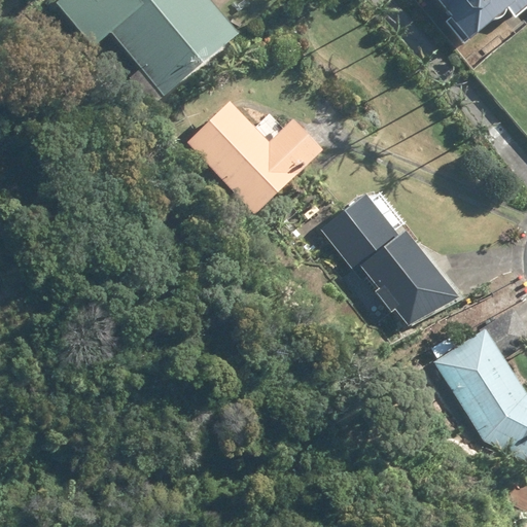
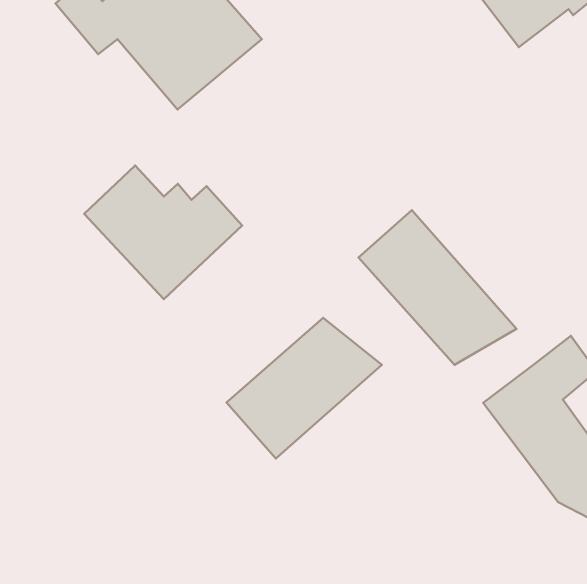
building: [180,99,321,218] -> [84,165,242,299]
building: none -> [227,318,382,459]

